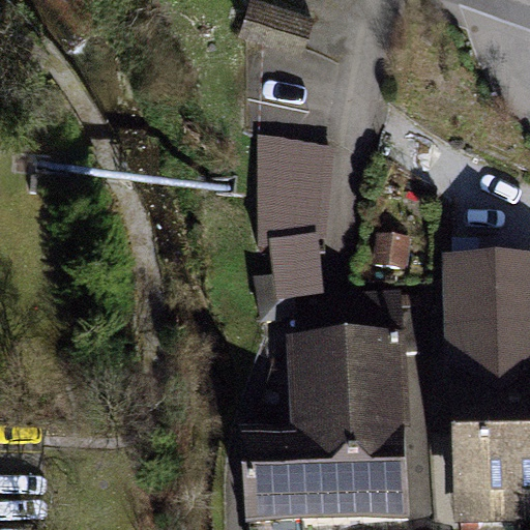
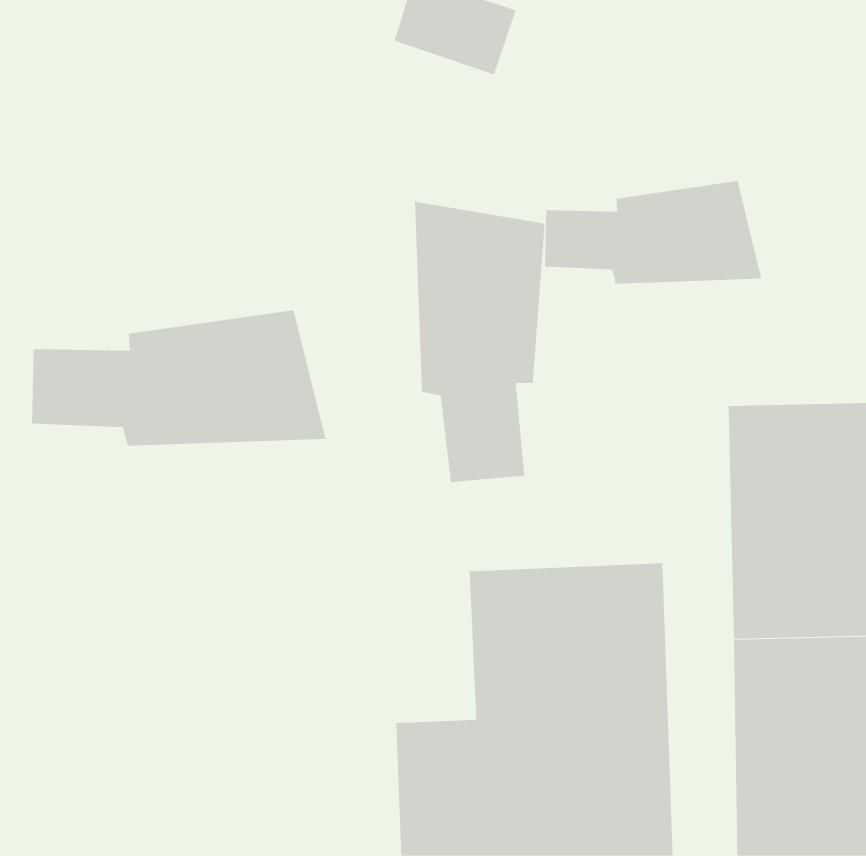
building: none -> [545,180,762,284]
building: none -> [32,309,326,446]

